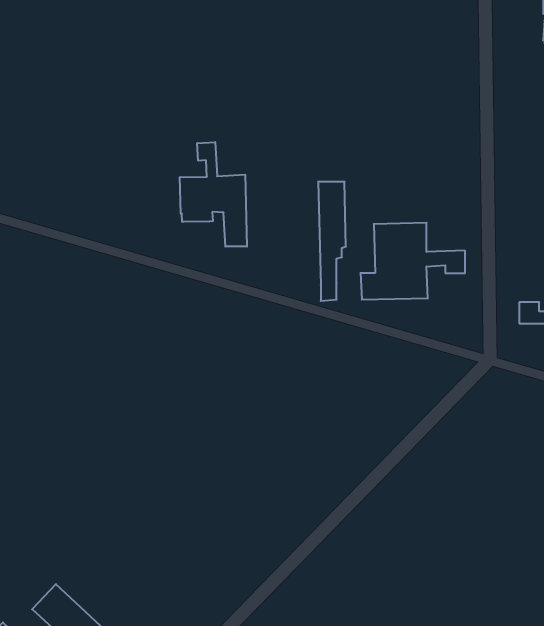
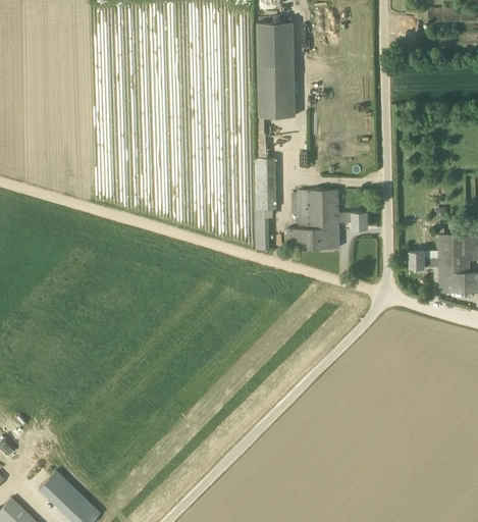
building: none -> [257,23,296,117]
building: [180,142,247,247] -> none

